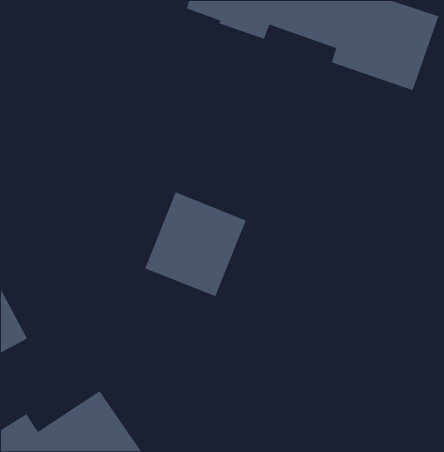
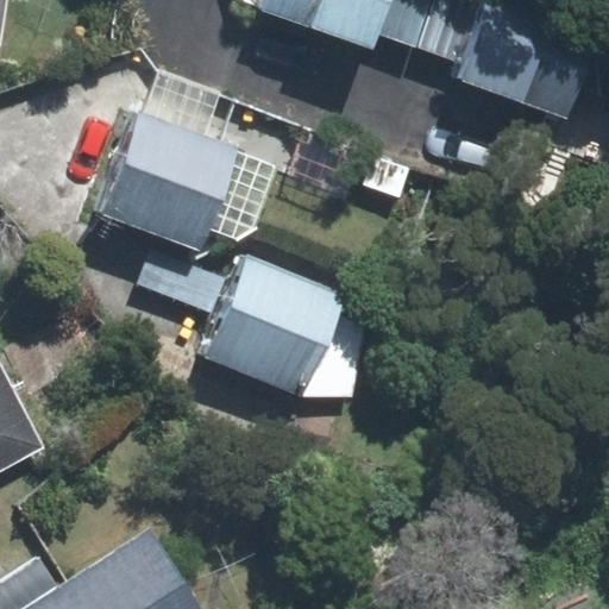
building: none -> [100,73,237,255]

